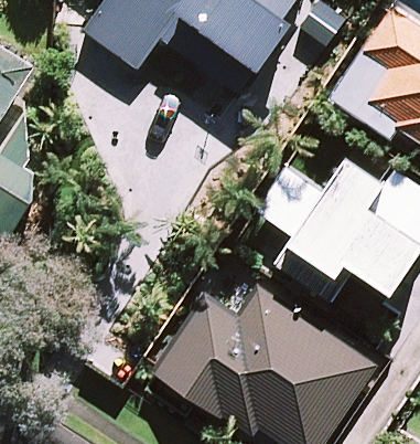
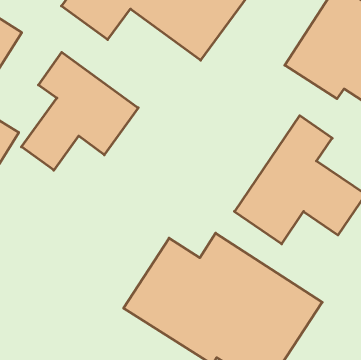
building: none -> [21,52,138,170]

